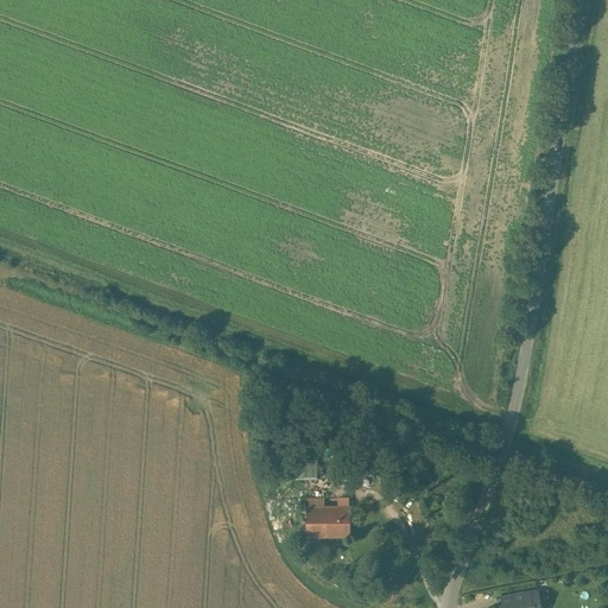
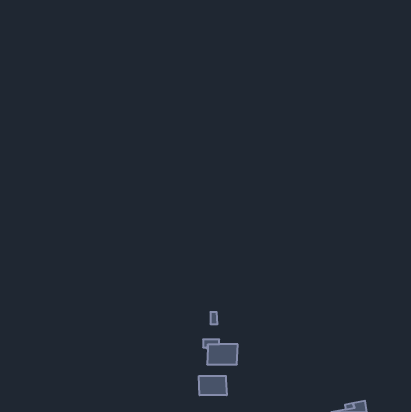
building: none -> [199,376,227,395]

